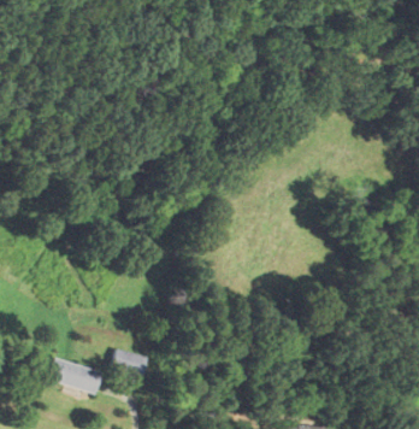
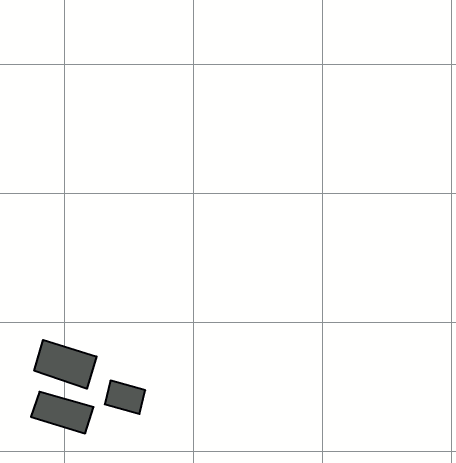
building: none -> [34,340,97,389]

